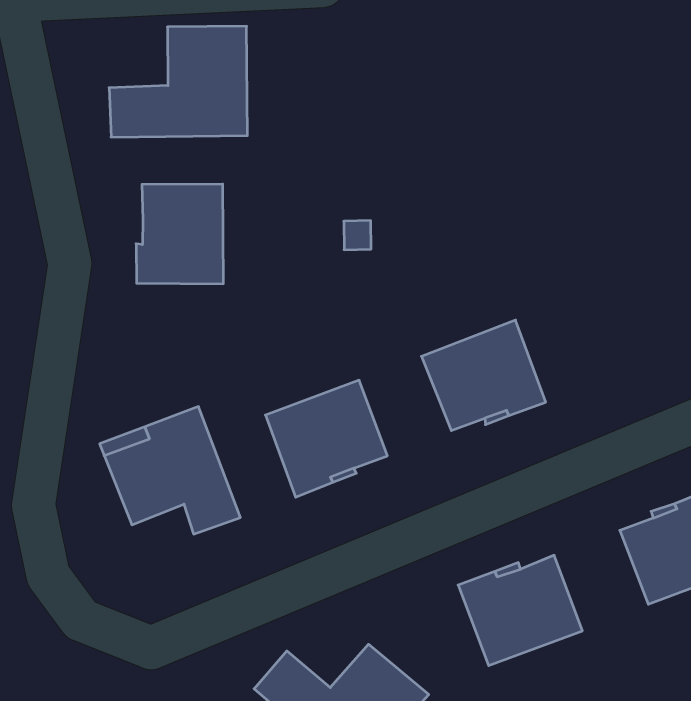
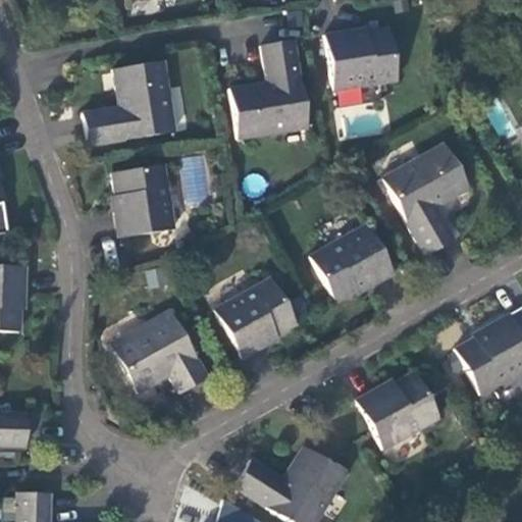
building: none -> [325,29,399,90]
building: none -> [230,40,309,138]
building: none -> [382,143,470,255]

